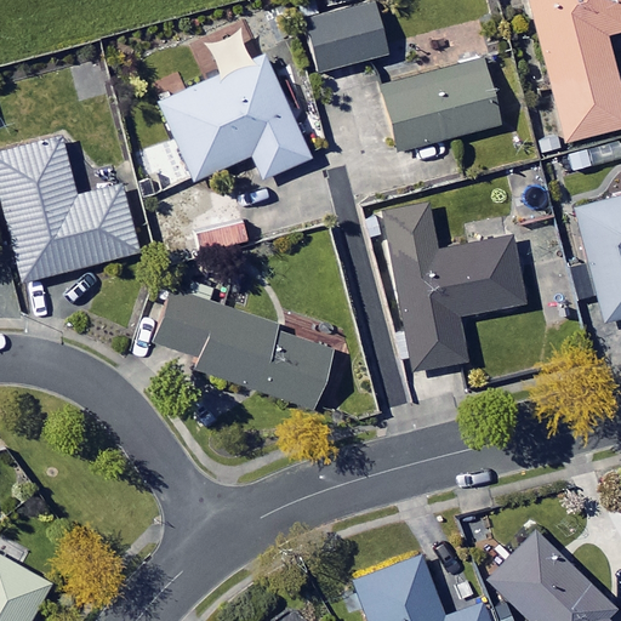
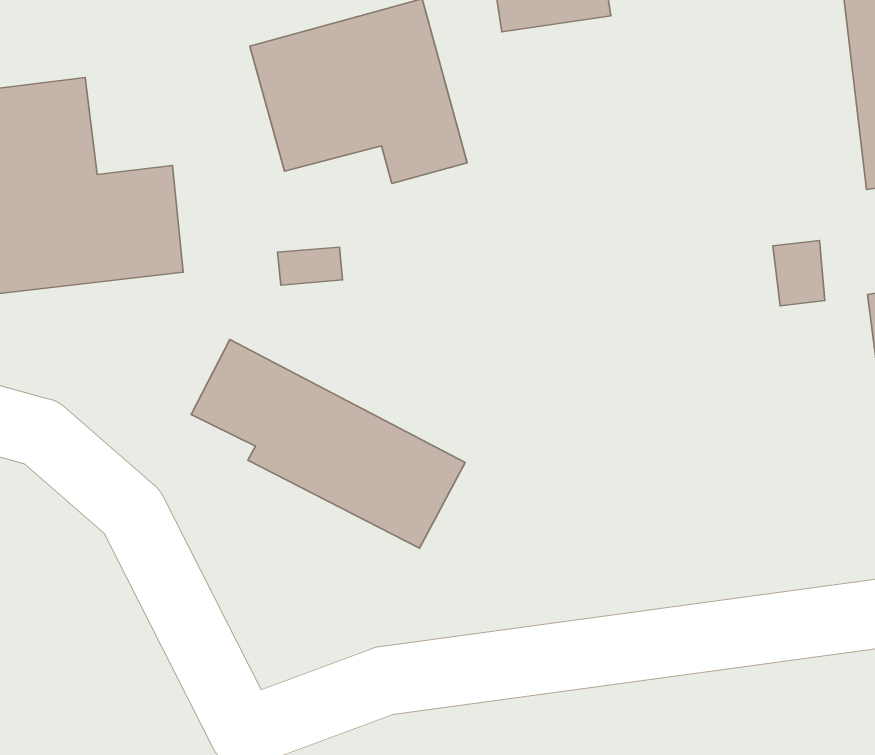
building: [382,58,500,149] -> none
building: [383,204,524,371] -> none

